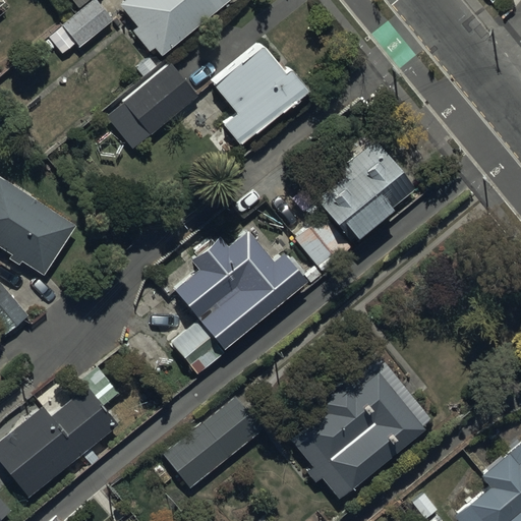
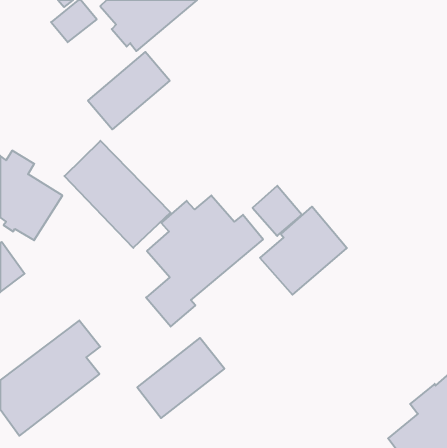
building: [213,47,310,152] -> none
building: [313,135,414,237] -> [260,207,347,295]
building: none -> [64,141,170,248]
building: [288,349,431,494] -> none

